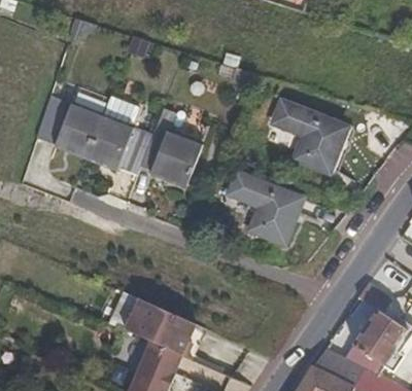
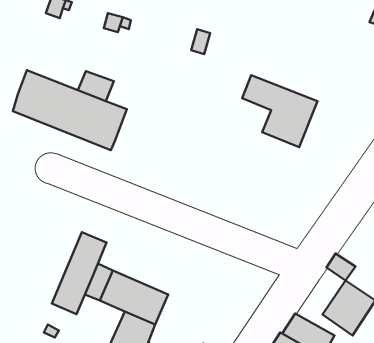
building: [141,109,202,185] -> none
building: [227,171,305,246] -> none
building: none -> [52,232,107,314]

